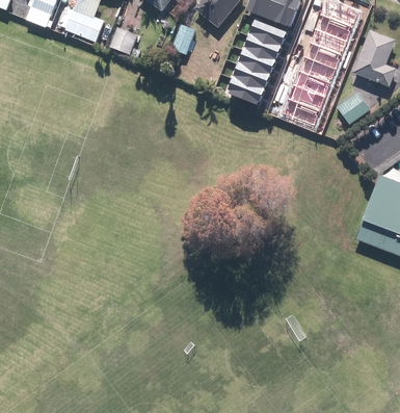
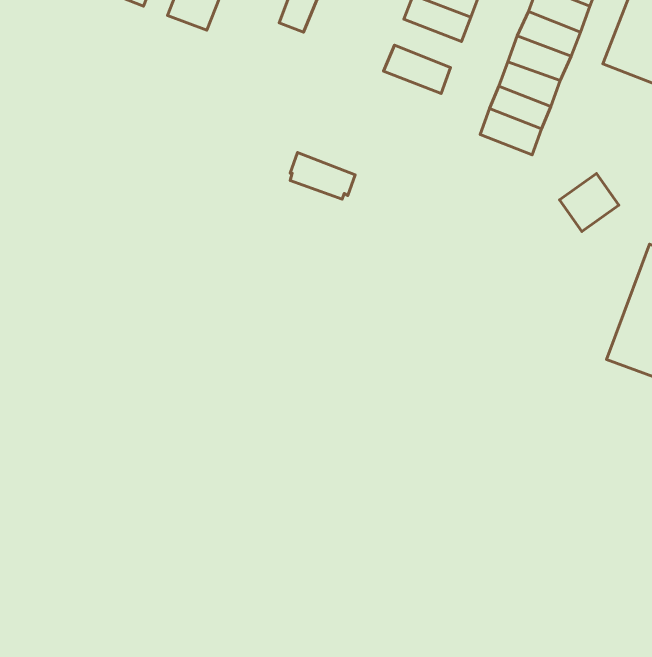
building: [237,48,274,75] -> none
building: [226,77,263,103] -> [290,153,355,199]
building: [338,93,371,125] -> [559,174,619,231]

